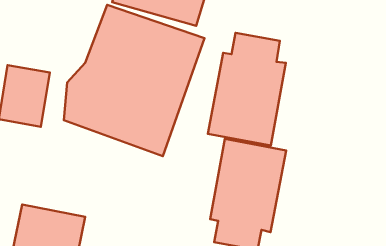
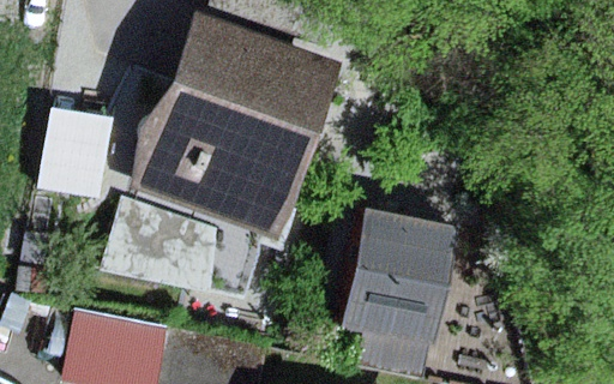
building: [208,33,286,146] -> none
building: none -> [97,194,210,292]

